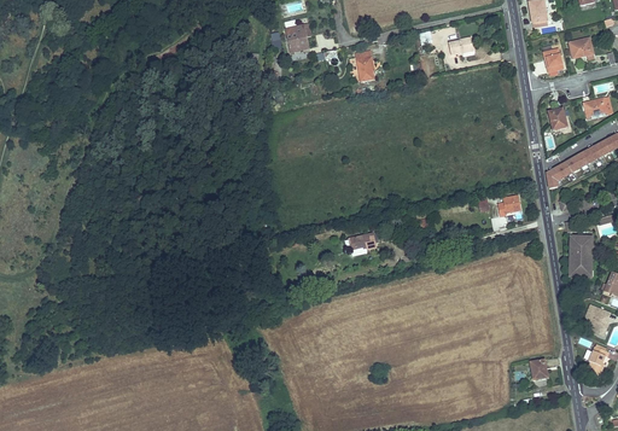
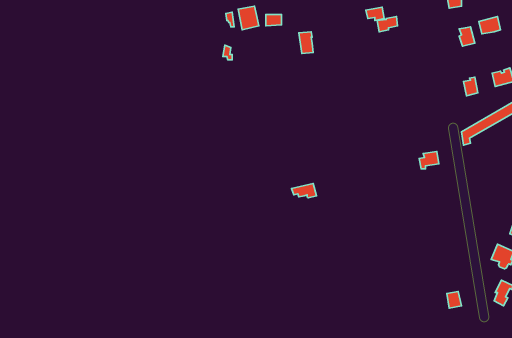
building: [571,234,593,274] -> none

